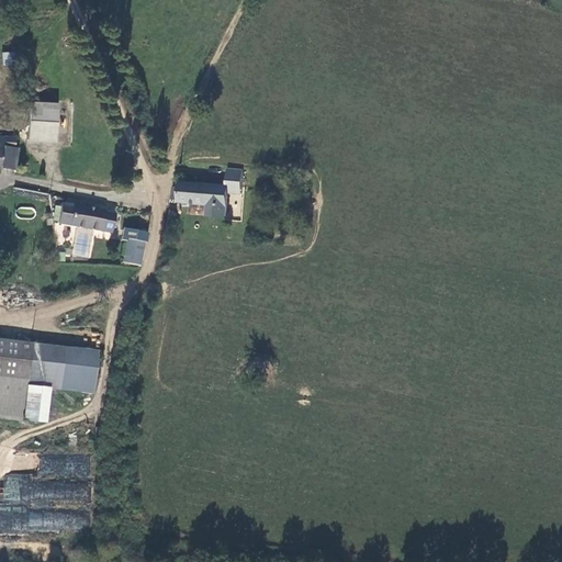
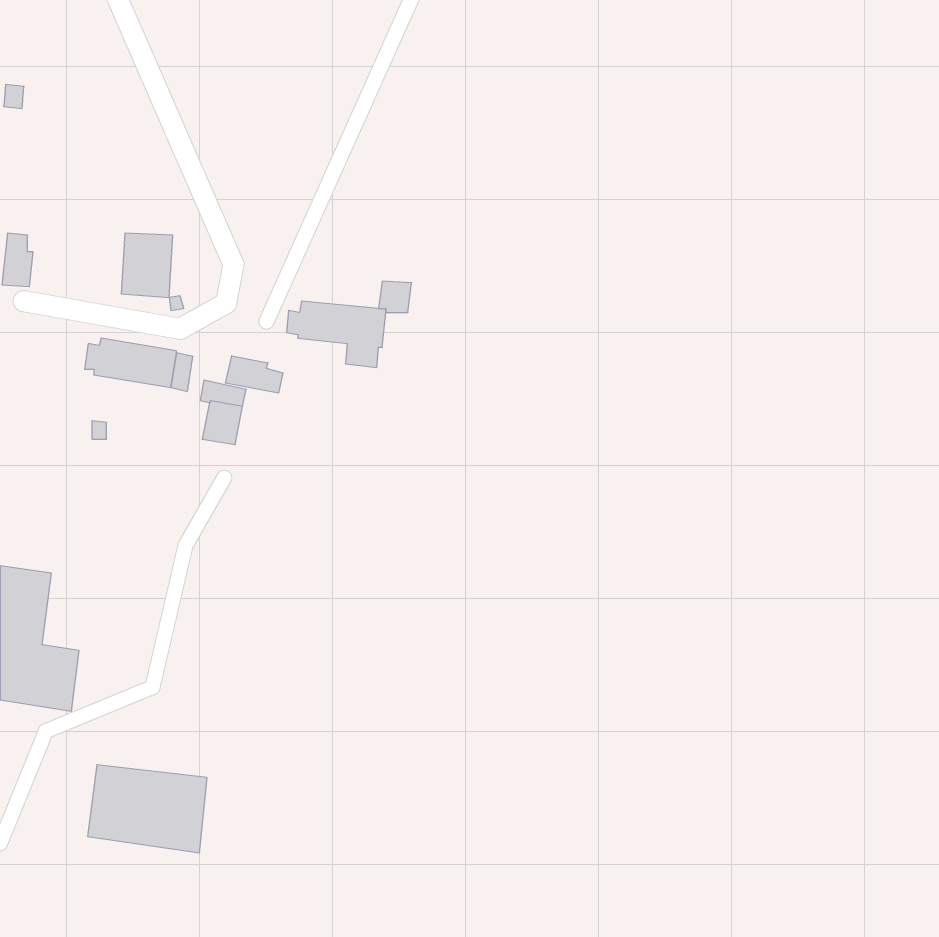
building: [27,102,58,140] -> [121,233,173,298]
building: none -> [225,356,283,393]
building: [25,342,97,395] -> [88,765,207,853]

